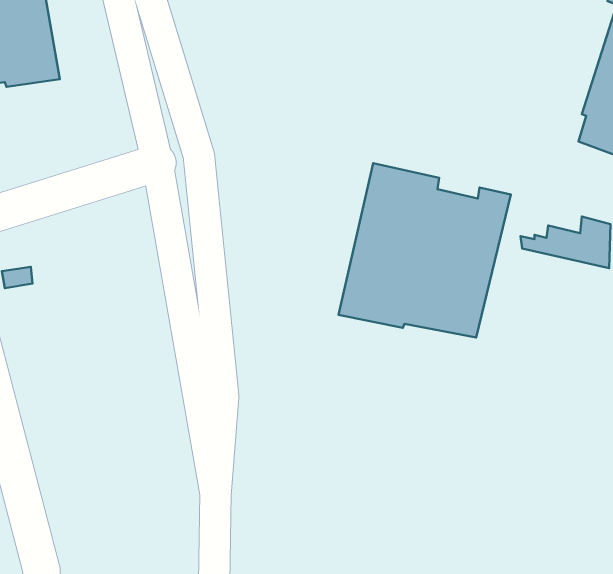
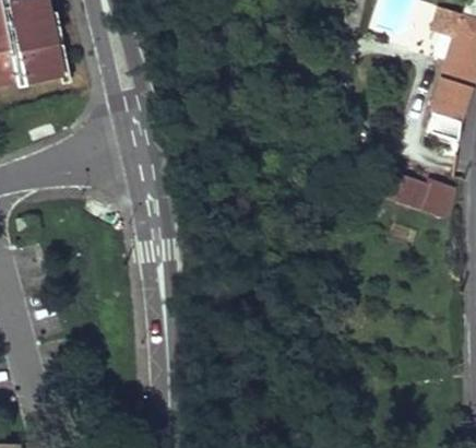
building: [339,163,511,338] -> none

